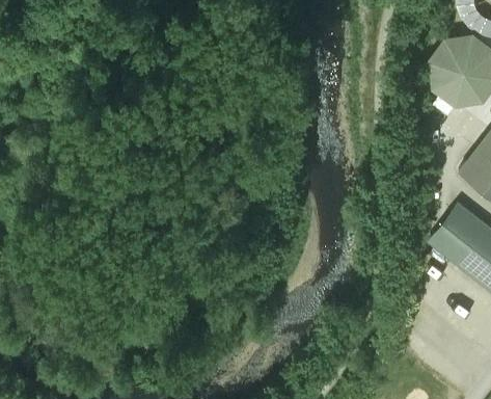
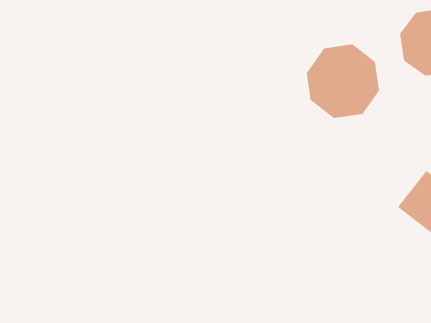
building: none -> [306,44,380,119]

